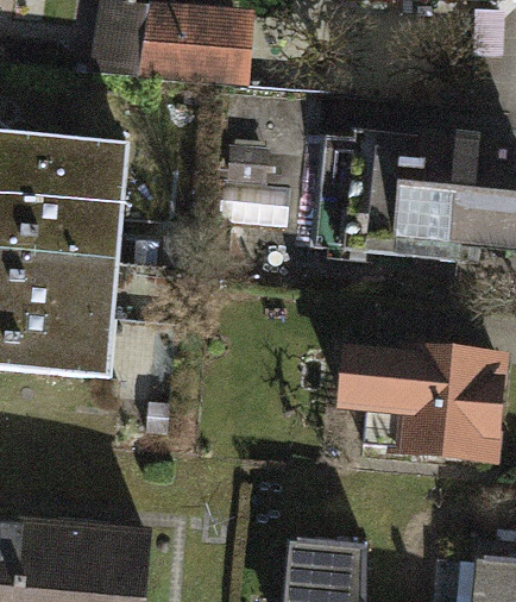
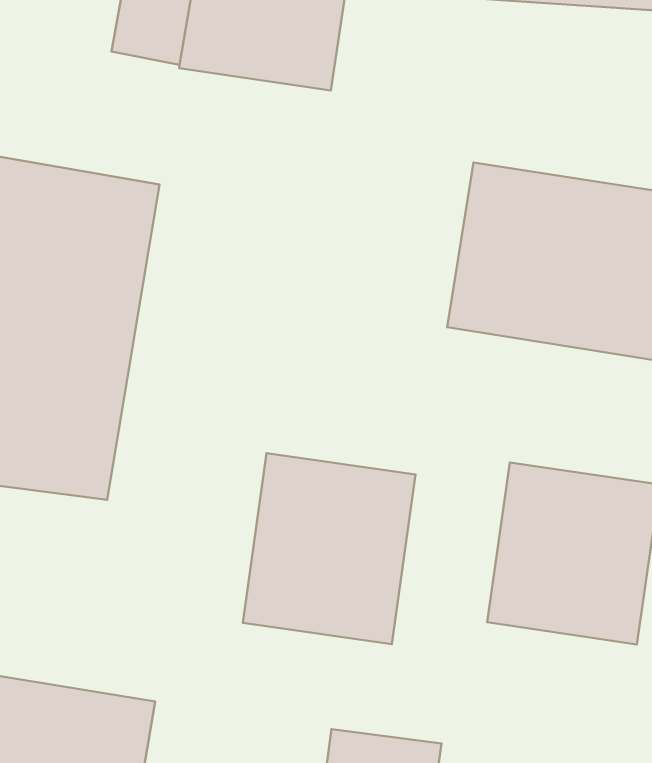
building: none -> [243,453,415,644]

